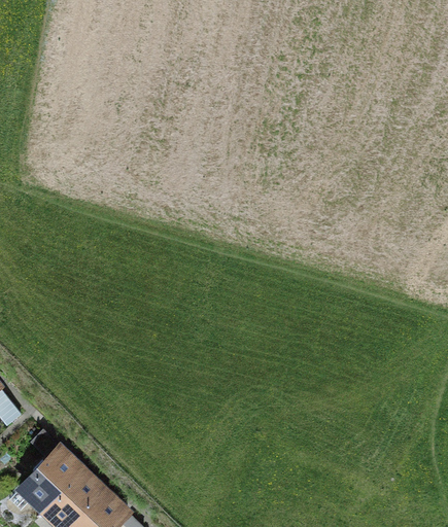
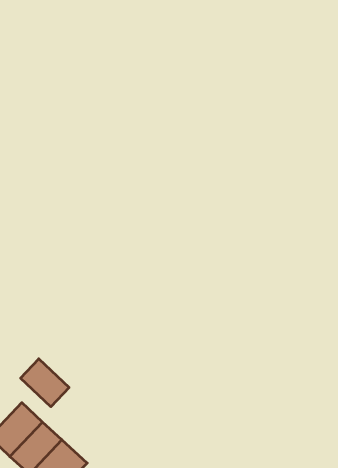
building: none -> [21,359,69,407]

